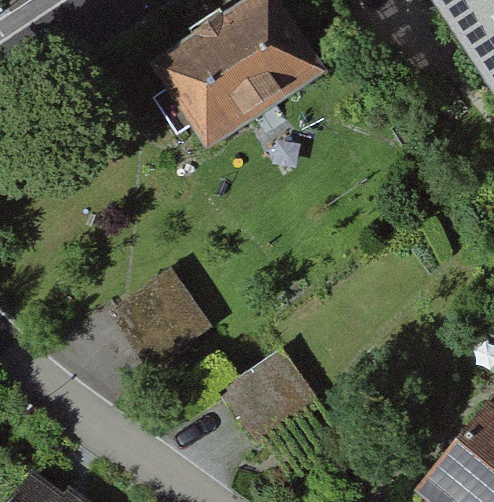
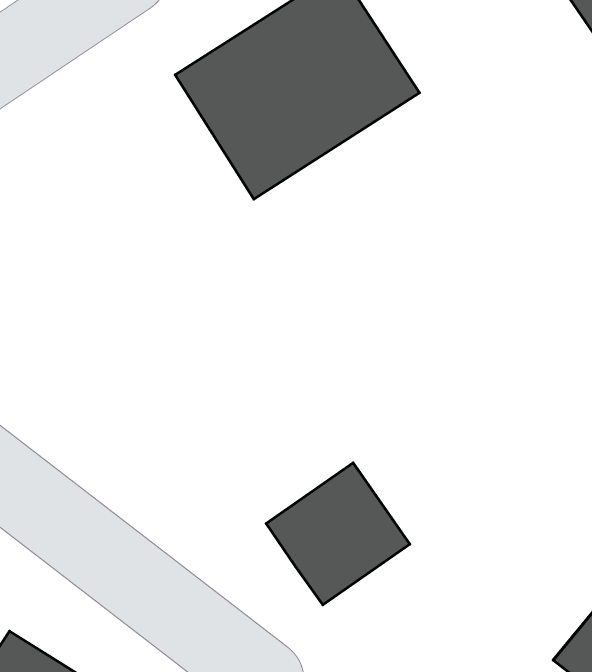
building: [107,257,214,363] -> none

